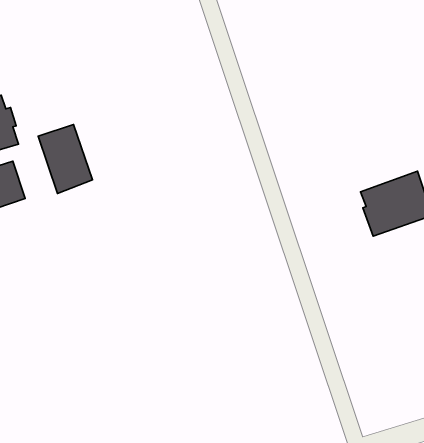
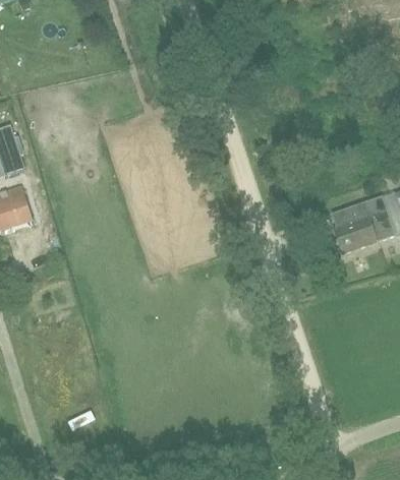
building: [38,124,93,194] -> none

